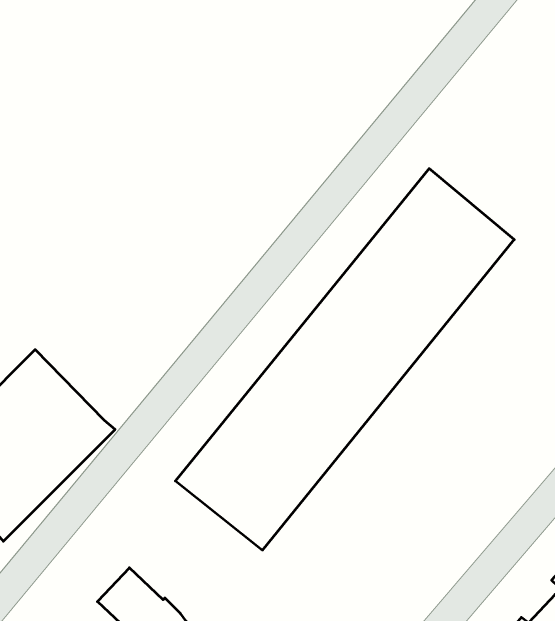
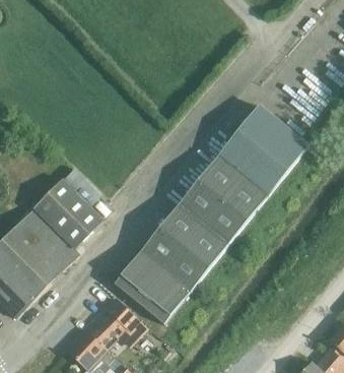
building: none -> [35,168,104,249]
building: none -> [88,301,149,352]

